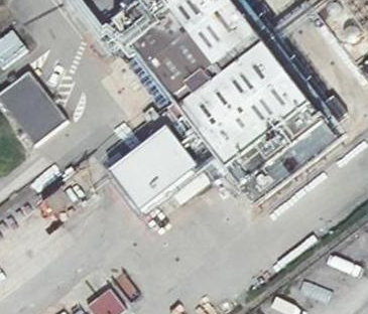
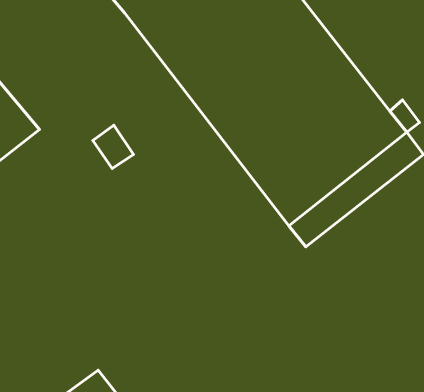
building: [109,126,205,208] -> none

